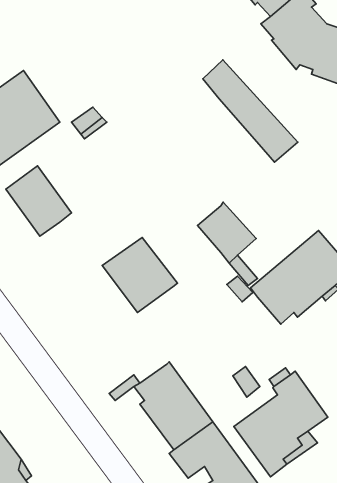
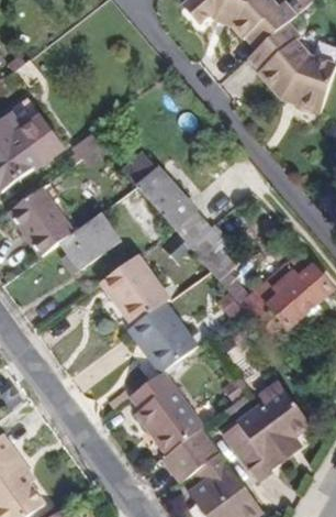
building: [203,60,298,162] -> [122,148,211,244]
building: none -> [60,213,117,267]
building: none -> [127,301,199,374]

